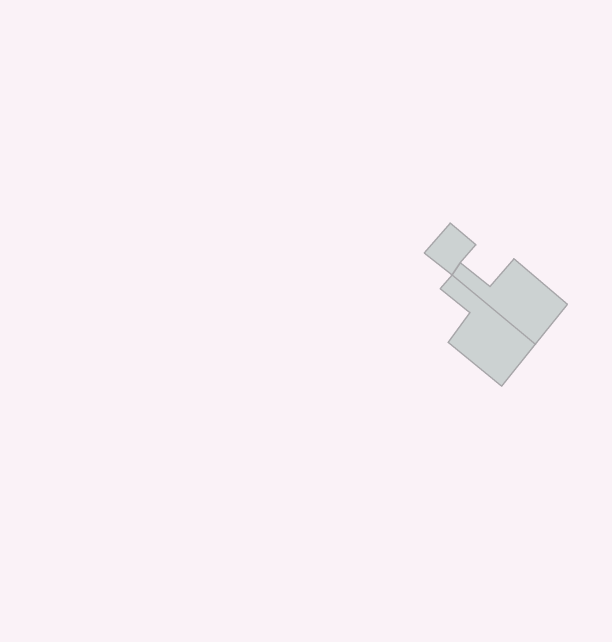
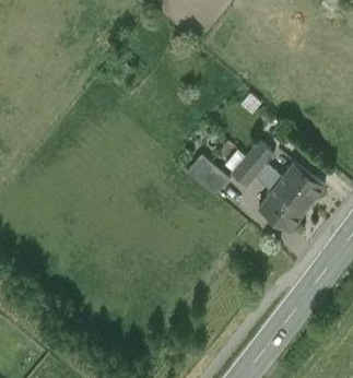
building: none -> [225,152,261,188]
building: none -> [186,155,230,198]

